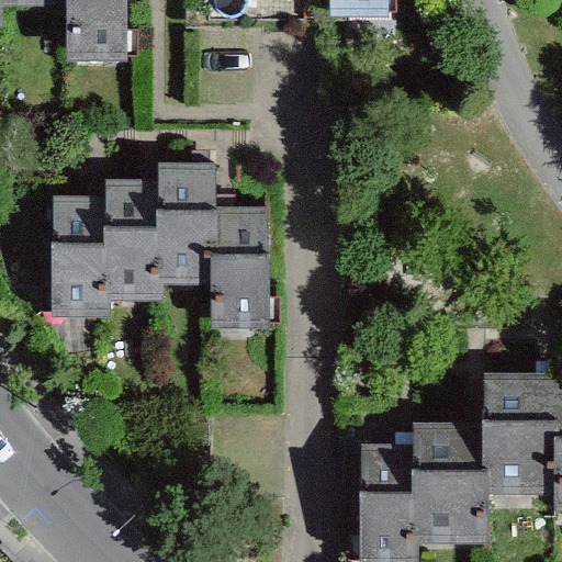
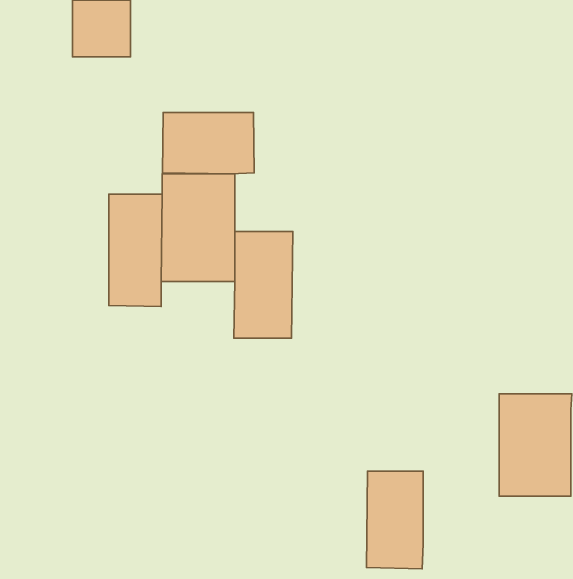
building: none -> [163,112,254,174]
building: [50,213,105,317] -> none
building: [409,436,483,527] -> none

